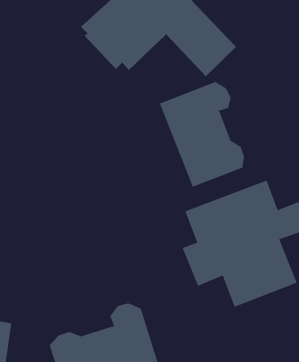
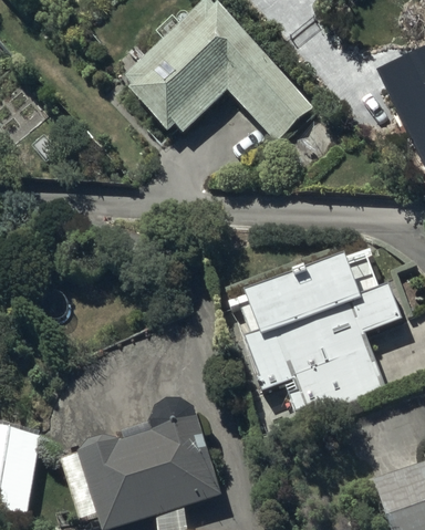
building: [159,81,244,187] -> none

